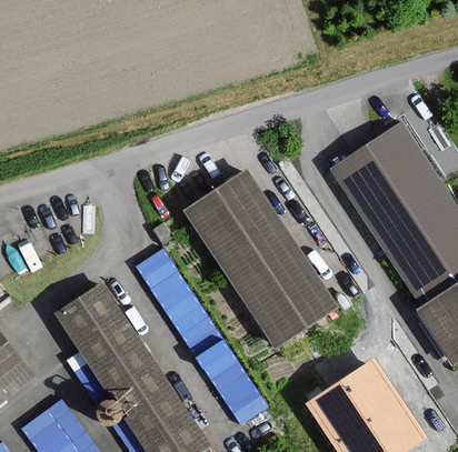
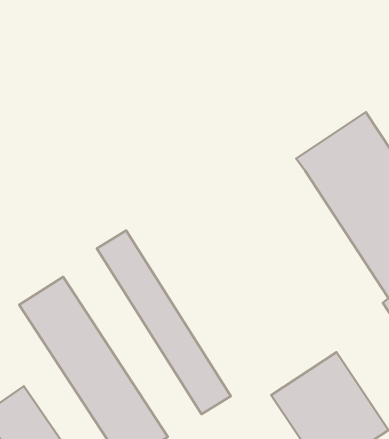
building: [179,167,338,348] -> none

